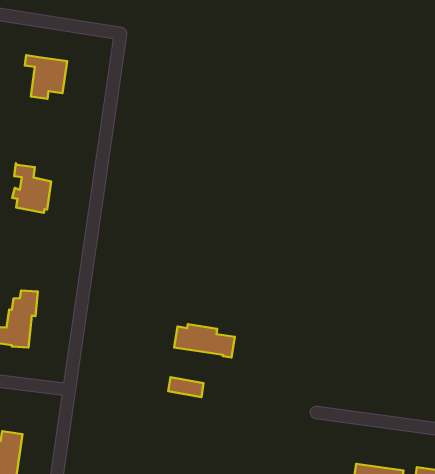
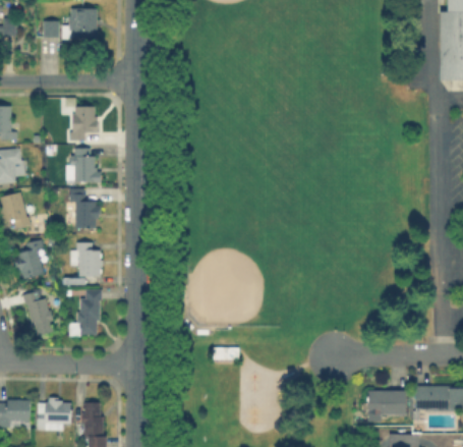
building: none -> [67,150,100,181]
building: none -> [72,244,101,285]
building: [174,324,235,358] -> none

